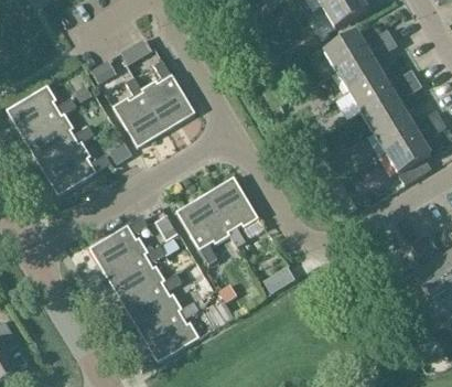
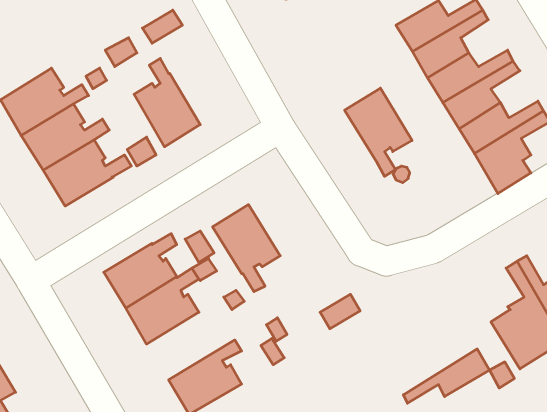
building: [142,60,195,129] -> none
building: [205,175,259,246] -> [345,88,412,176]
building: [123,272,194,333] -> none
building: none -> [403,349,490,403]

